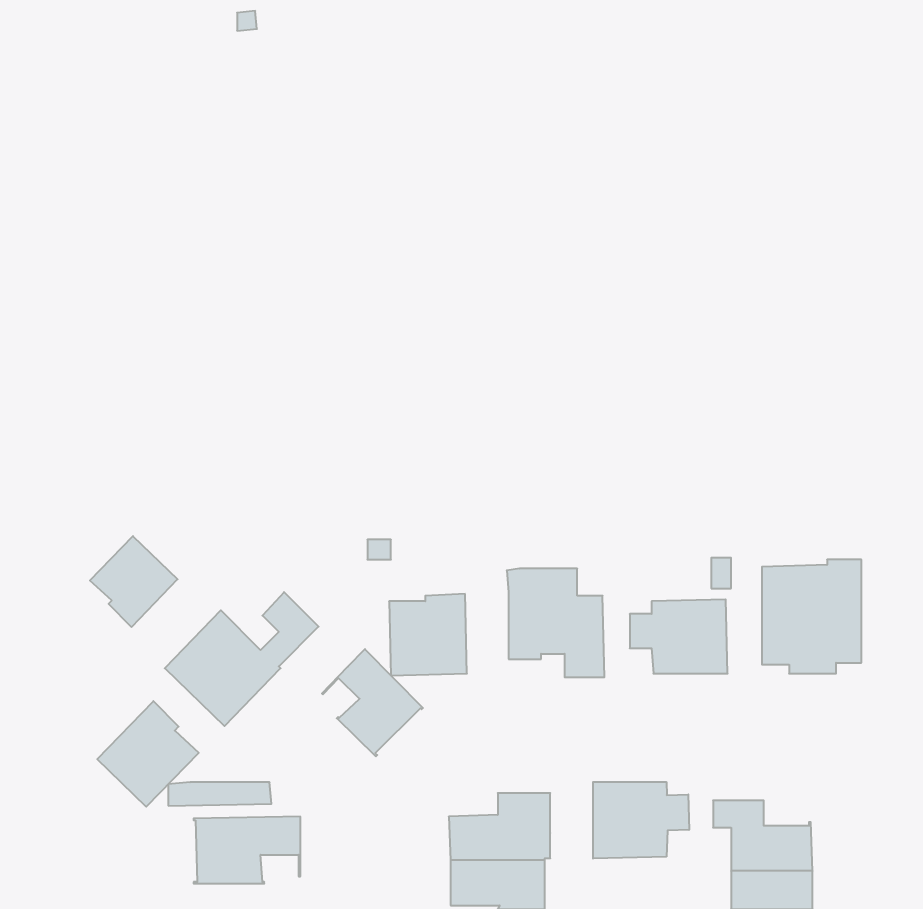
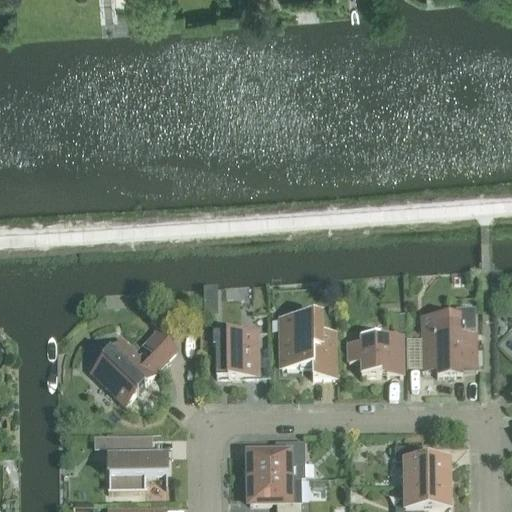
building: [90,536,178,627] -> none
building: [322,649,423,756] -> none
building: [97,701,199,807] -> none
building: [593,782,689,859] -> none

